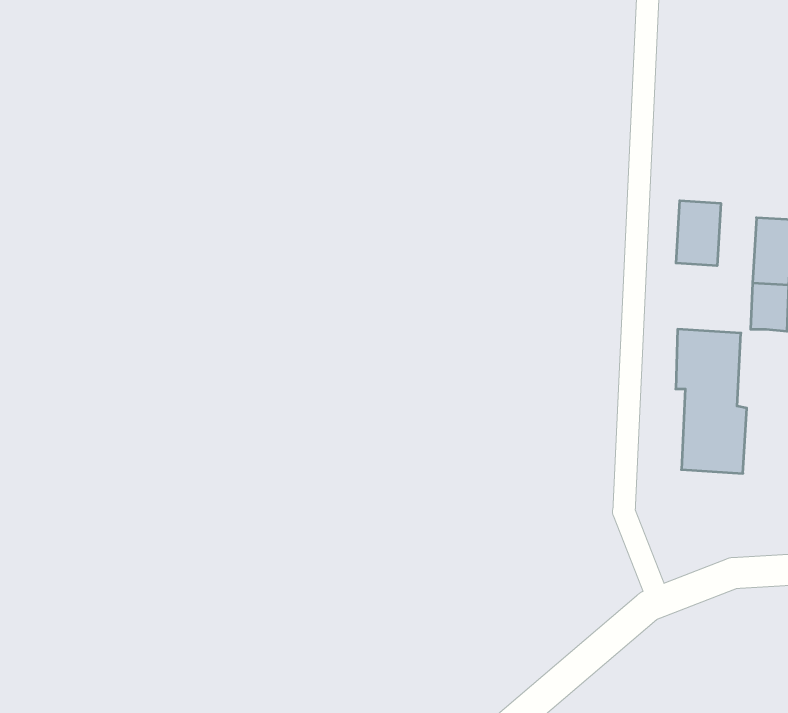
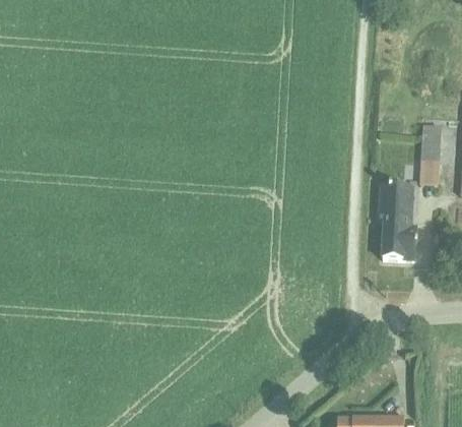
building: [676,201,721,266] -> none

